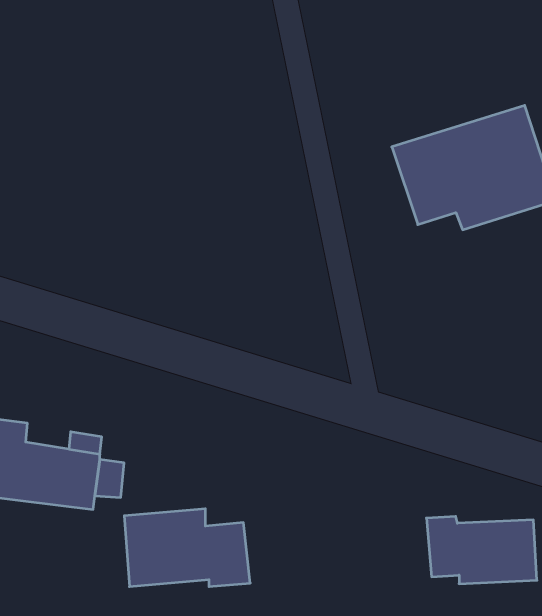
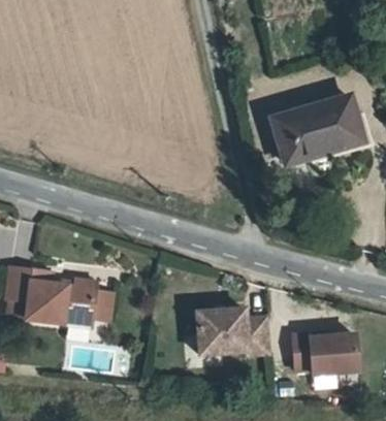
building: [124,509,250,587] -> [194,310,269,356]

